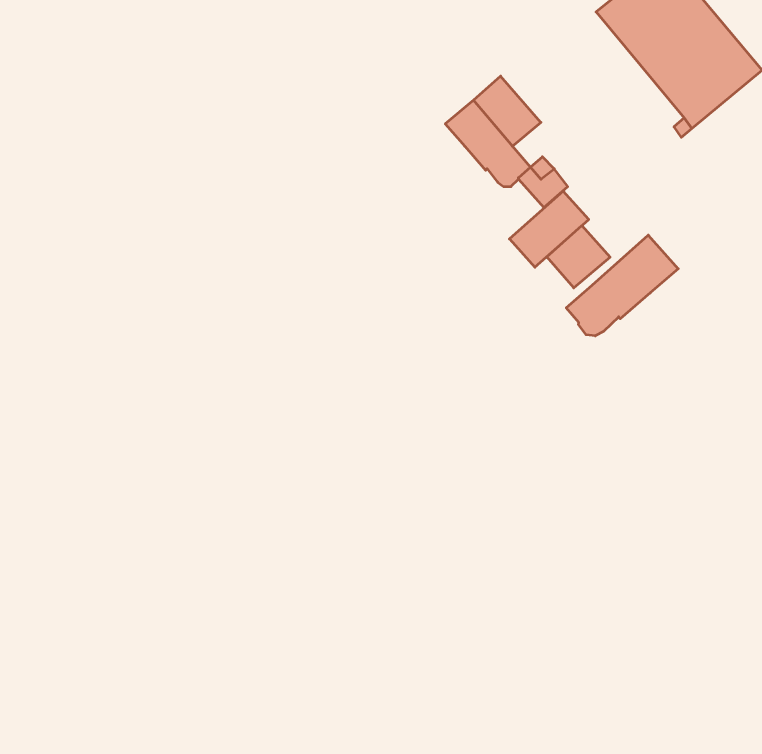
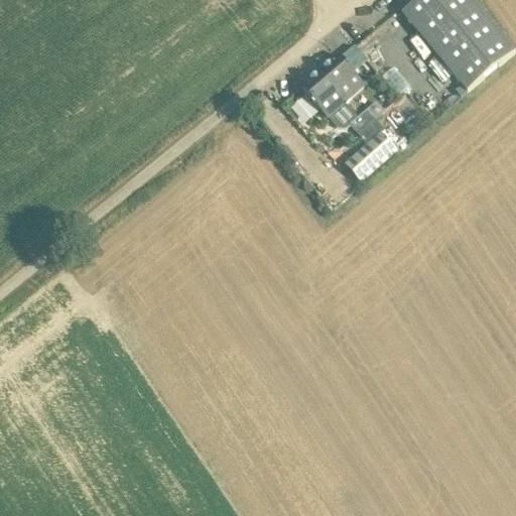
building: [547,226,610,288] -> none
building: [566,235,678,336] -> none

